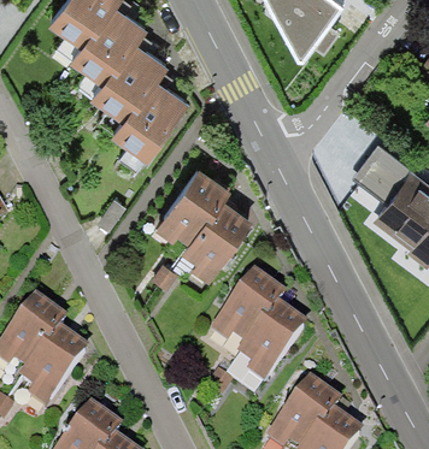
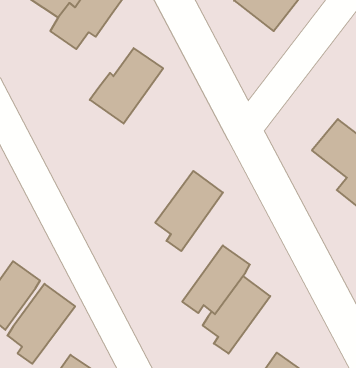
building: [86,33,168,112] -> none
building: [155,175,228,248] -> none

